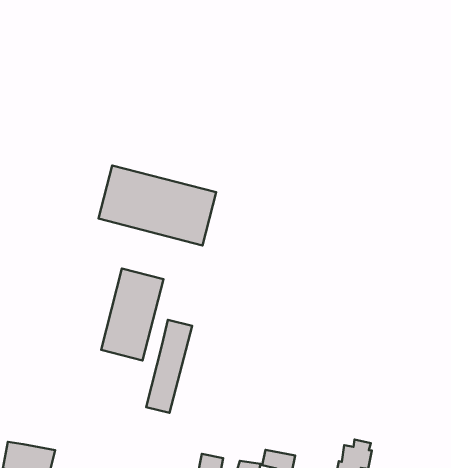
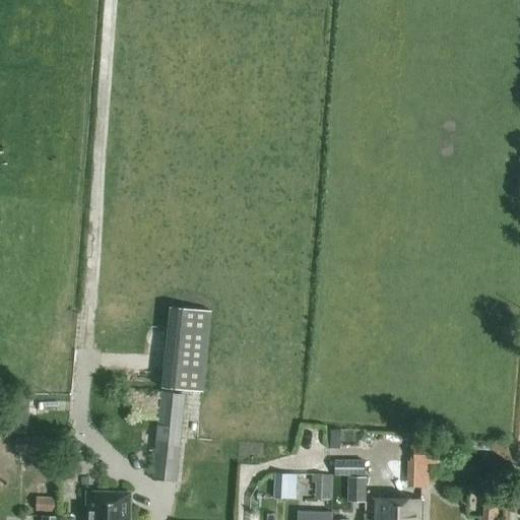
building: [98,165,216,245] -> none
building: [146,320,192,413] -> [152,392,185,481]

